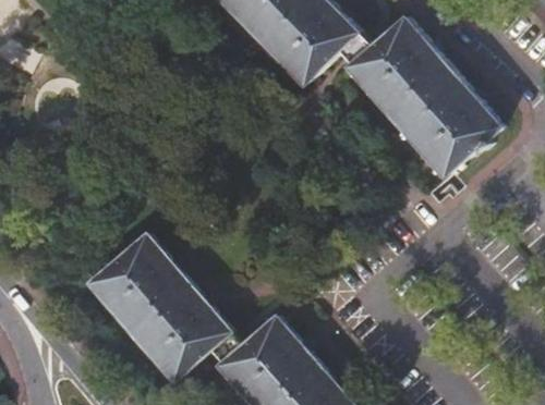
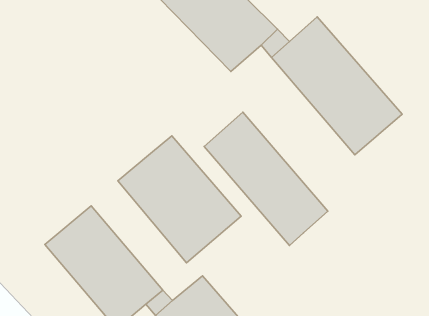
building: none -> [204,112,328,245]
building: none -> [118,136,241,263]

